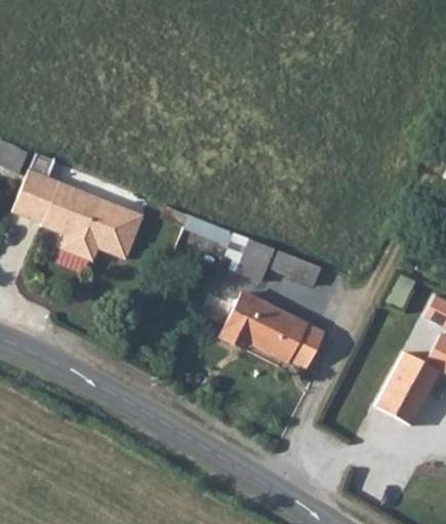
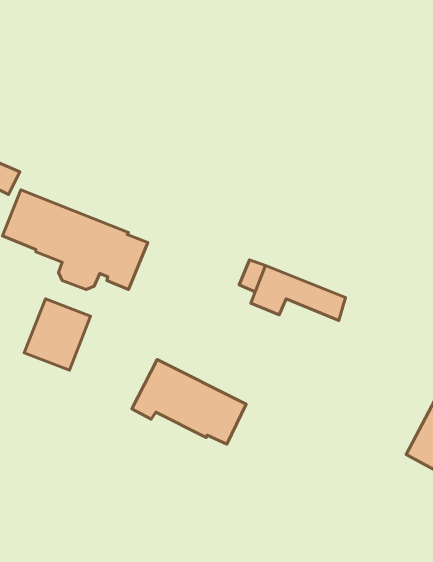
building: none -> [24,299,91,370]
building: [220,292,323,368] -> [132,360,246,444]

